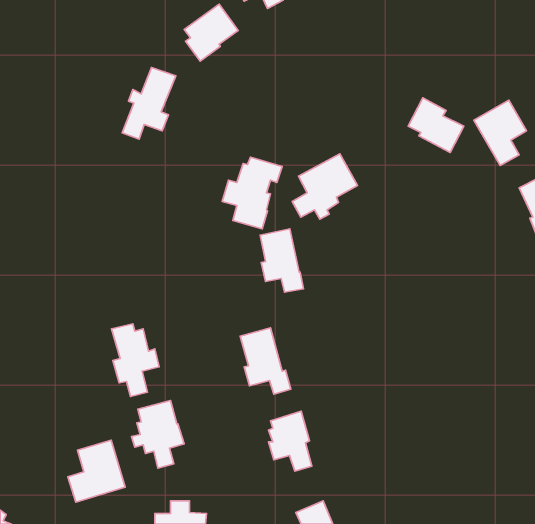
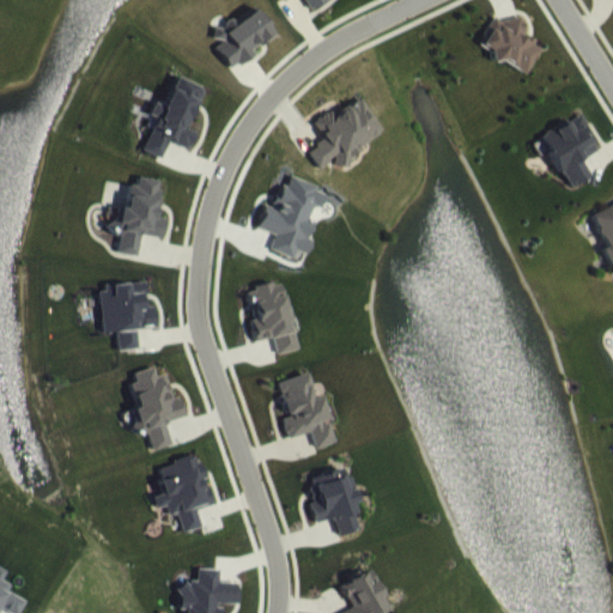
building: [408,98,464,153] -> [480,12,544,74]
building: [292,154,358,219] -> [306,96,381,170]
building: none -> [110,176,165,255]
building: [260,229,303,292] -> [249,281,298,353]
building: none -> [101,283,157,351]
building: [68,440,125,502] -> none

